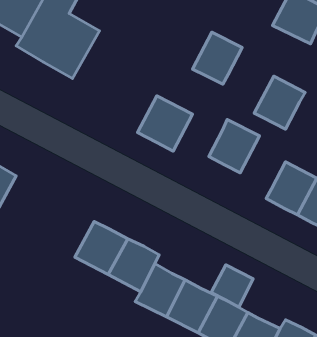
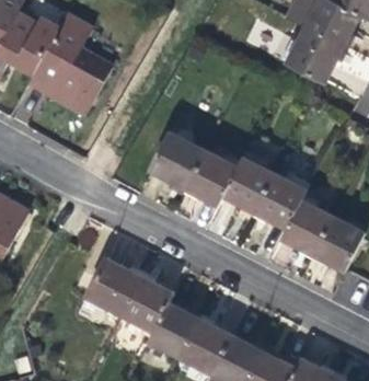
building: [193,32,242,84] -> [185,151,235,204]
building: [254,76,305,129] -> [253,173,304,227]
building: [211,265,253,307] -> none

